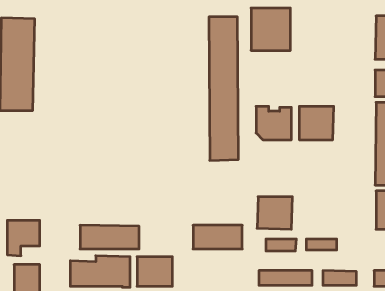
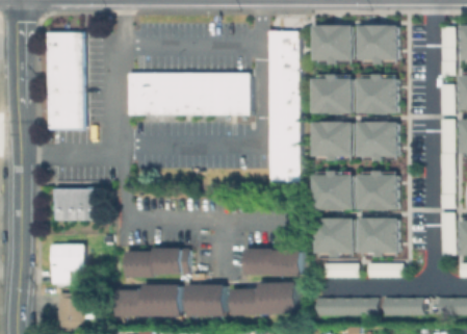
building: none -> [360,24,399,65]
building: none -> [126,73,249,115]
building: none -> [362,76,399,113]
building: none -> [317,77,353,112]
building: none -> [317,174,353,209]
building: none -> [362,174,398,209]
building: none -> [54,188,96,221]
building: none -> [363,222,398,257]
building: none -> [235,282,300,314]

